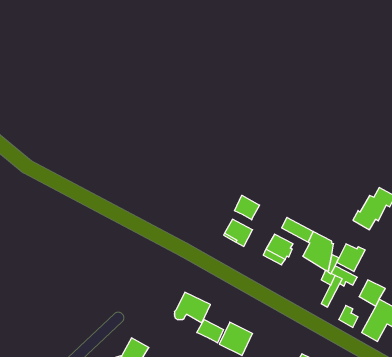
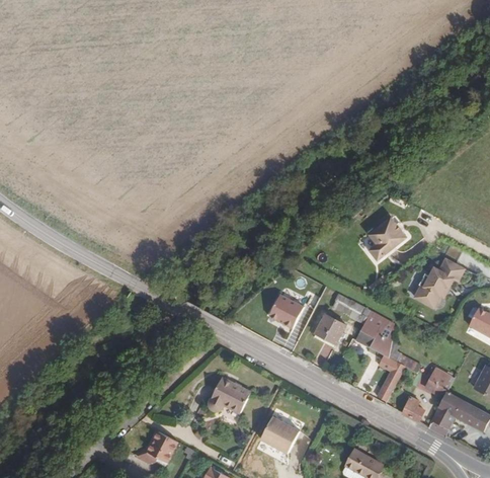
building: none -> [369,217,406,259]
building: [234,195,260,220] -> none
building: [337,244,365,272] -> none
building: [197,320,224,343] -> none

